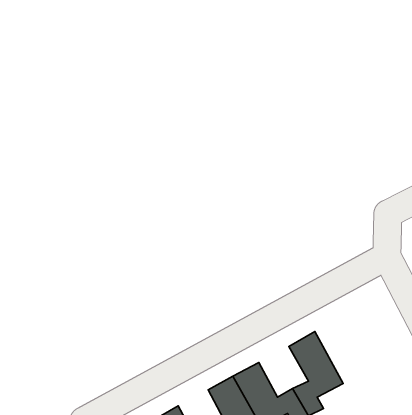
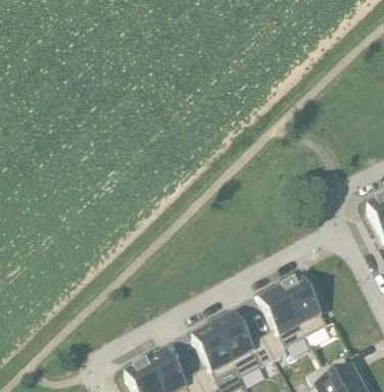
building: none -> [283,280,327,334]

